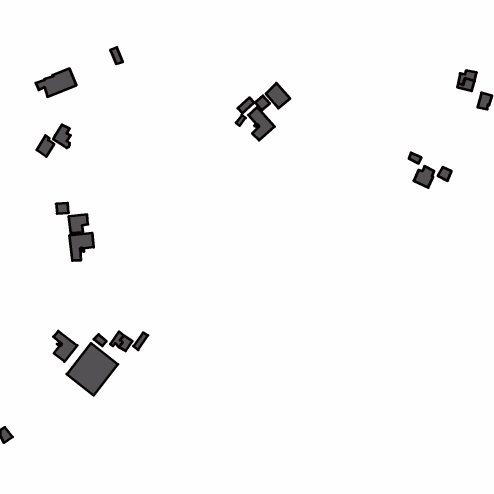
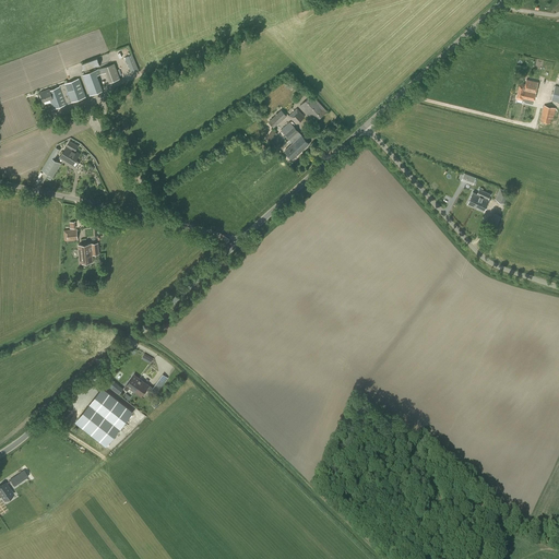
building: none -> [82,64,119,95]
building: [70,233,94,261] -> none
building: [53,331,77,362] -> none

